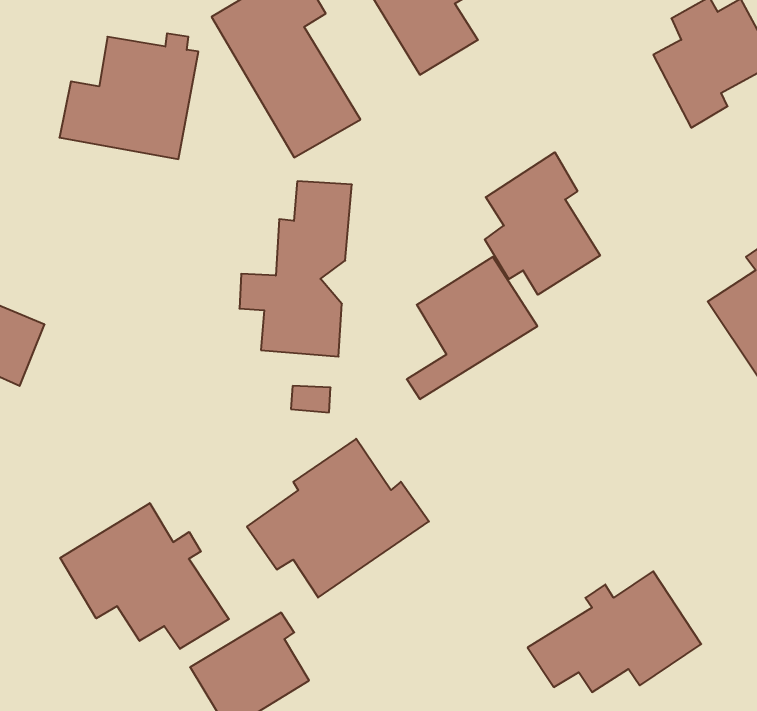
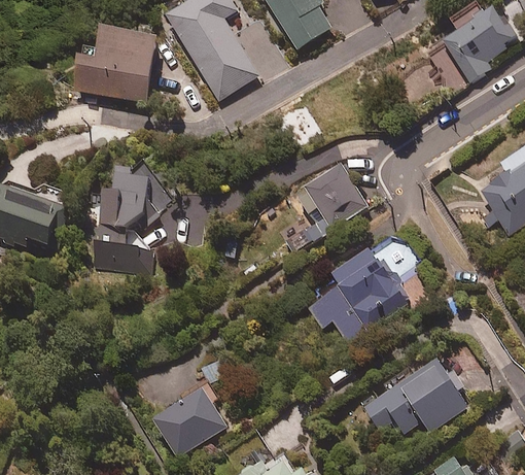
building: [485,152,600,295] -> none
building: [239,181,352,357] -> [79,165,149,274]
building: [247,439,429,598] -> [302,247,415,346]
building: [60,503,229,649] -> none

